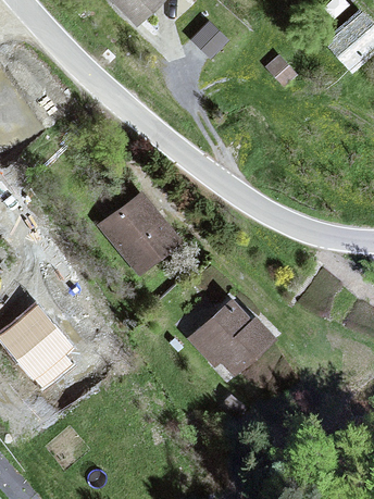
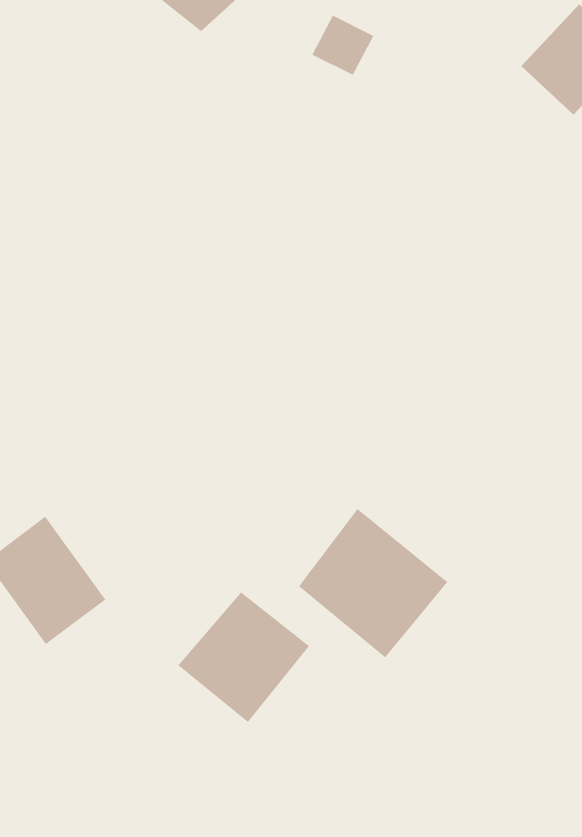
building: [96,194,176,274] -> none
building: none -> [178,592,310,723]

